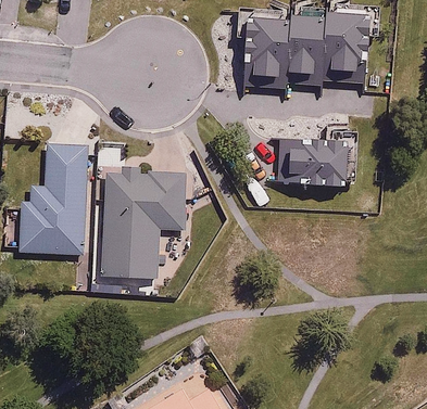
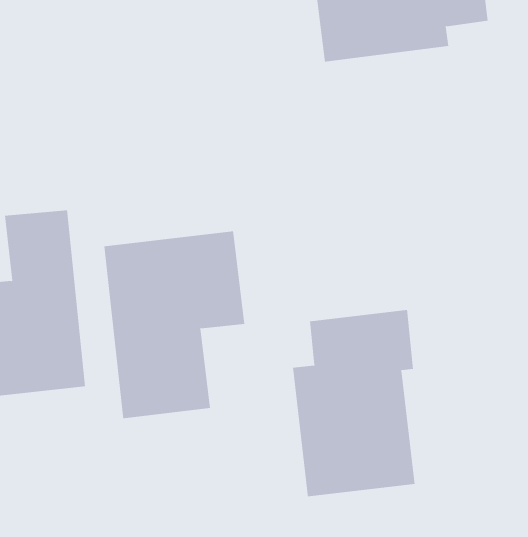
building: [276,139,356,184] -> none
building: none -> [292,309,415,497]

